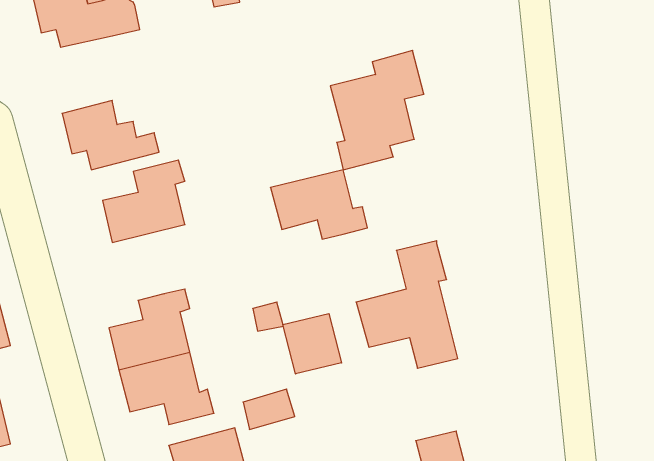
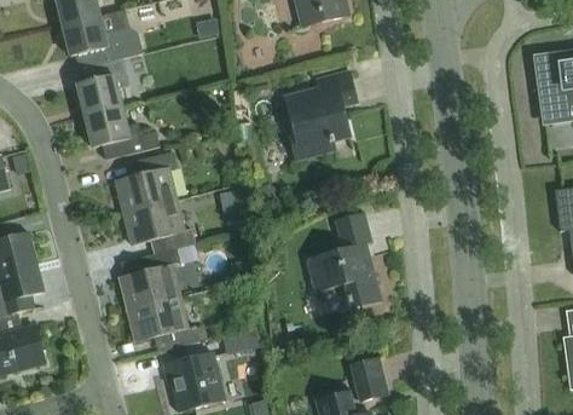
building: none -> [76,59,128,117]
building: [270,170,367,239] -> [122,201,195,253]
building: [283,314,342,374] -> none

